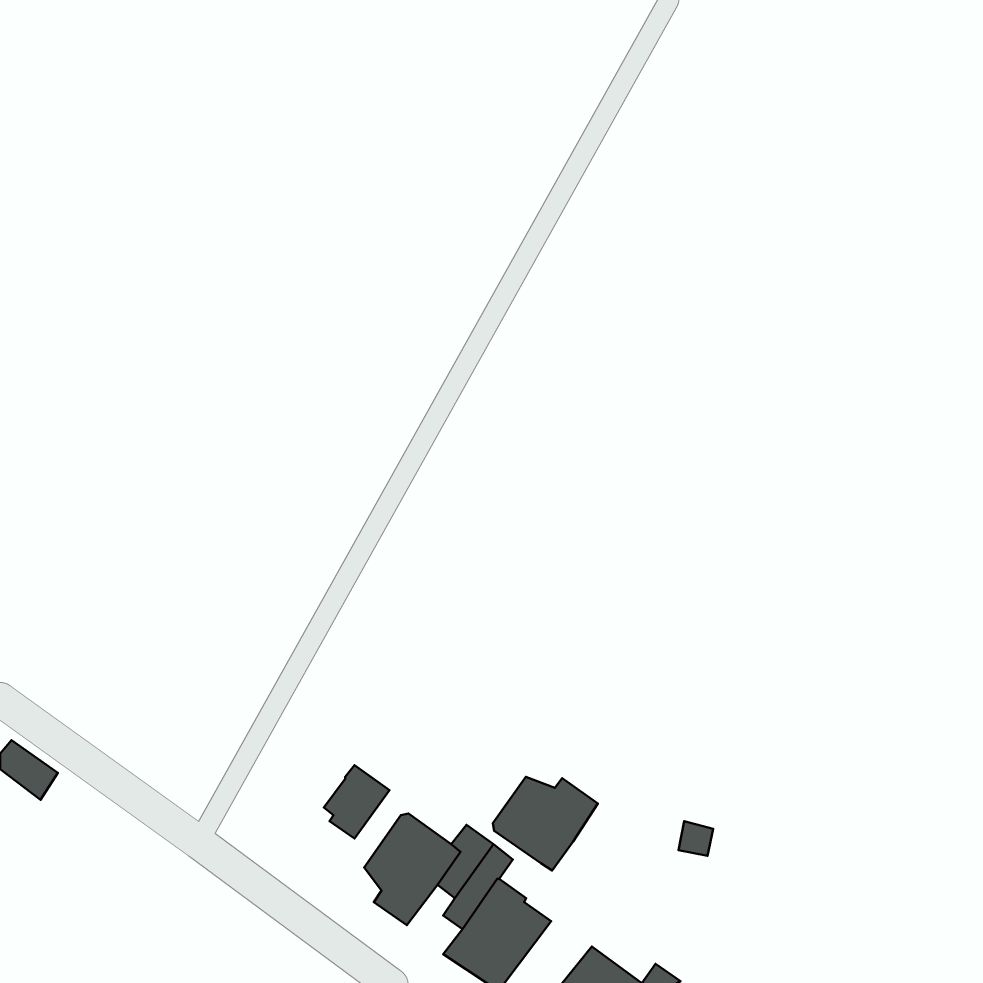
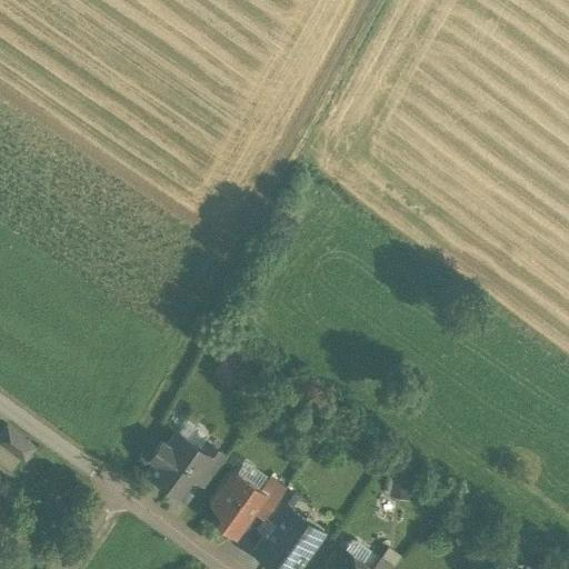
building: none -> [149,432,200,492]
building: [493,777,598,871] -> none

